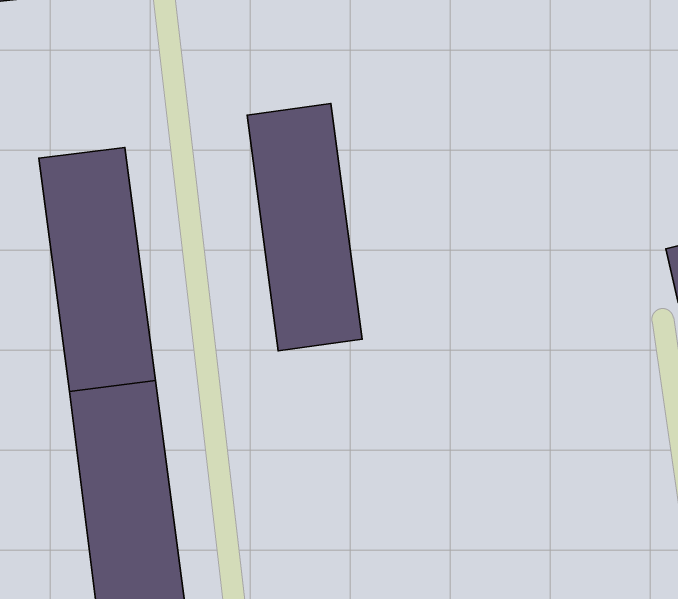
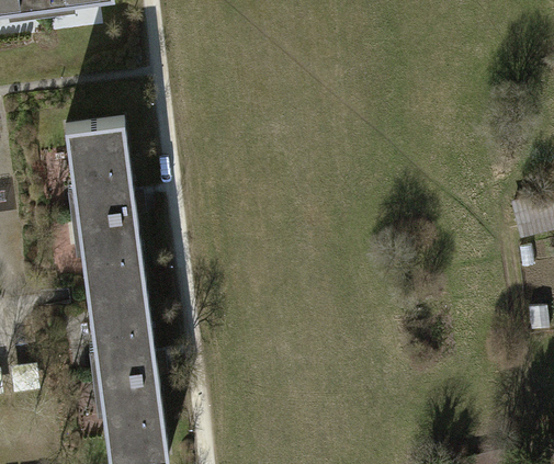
building: [247,104,362,351] -> none

